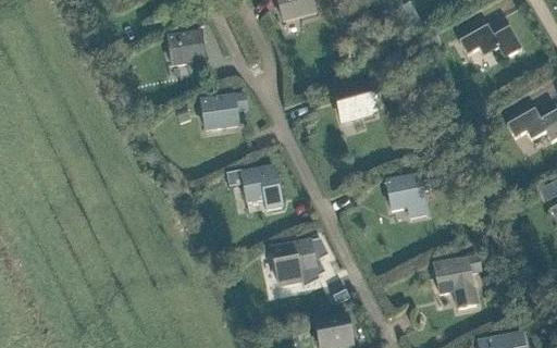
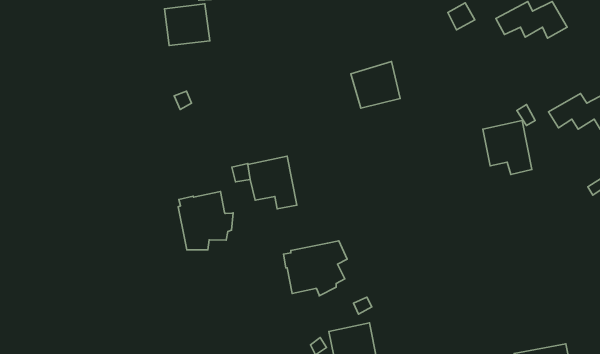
building: [199,90,248,130] -> none
building: [385,171,429,219] -> [483,120,532,174]
building: none -> [178,192,233,250]
building: [434,254,481,307] -> none

